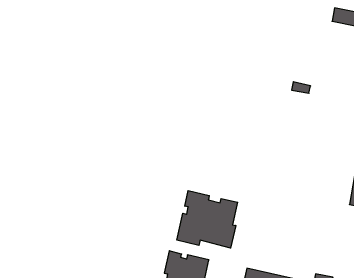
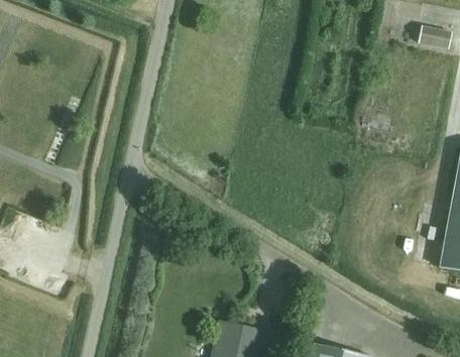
building: [177,191,238,248] -> none

